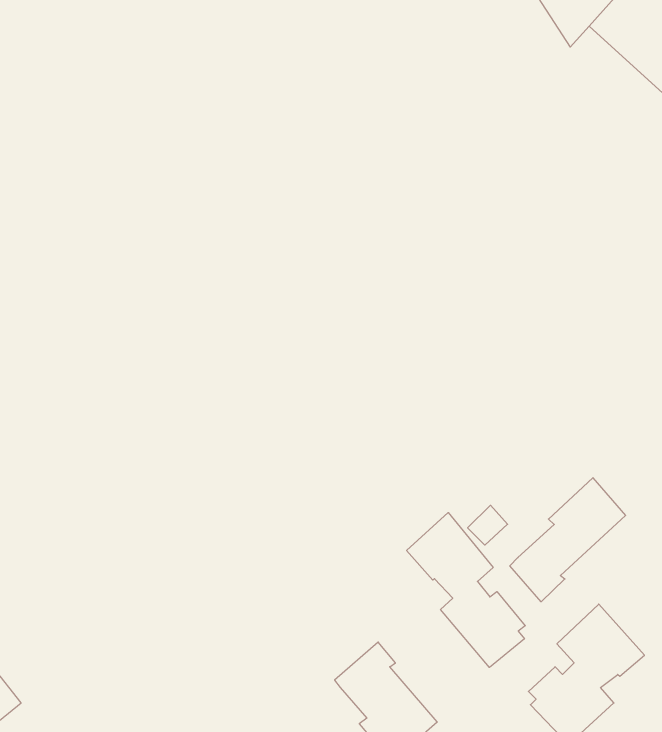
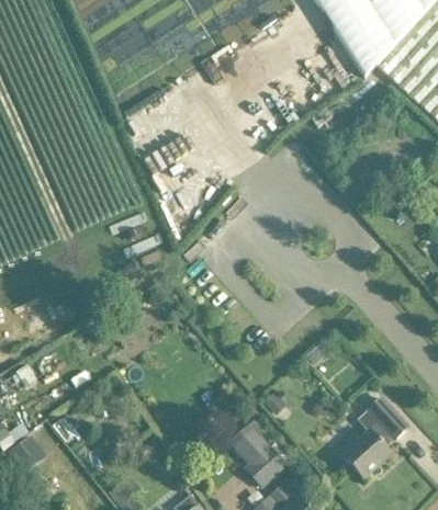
building: [510,478,626,602] -> none
building: [407,513,525,667] -> none

